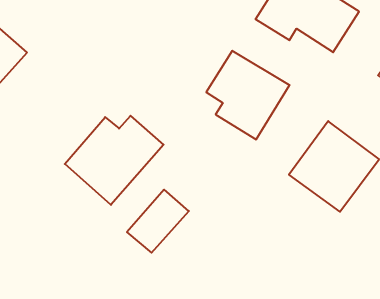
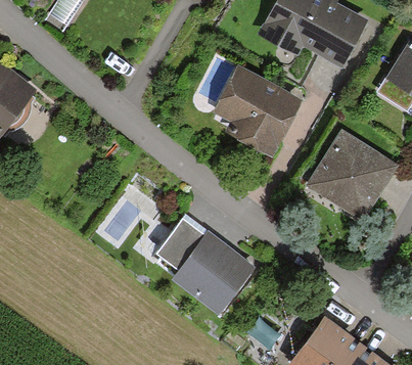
building: [65,116,164,205] -> none
building: none -> [176,233,256,312]

